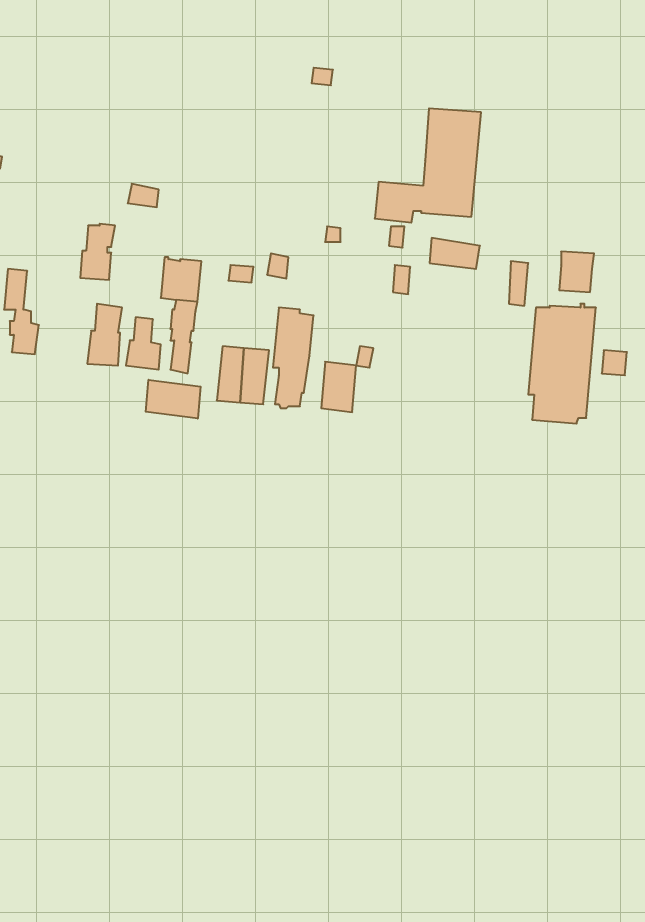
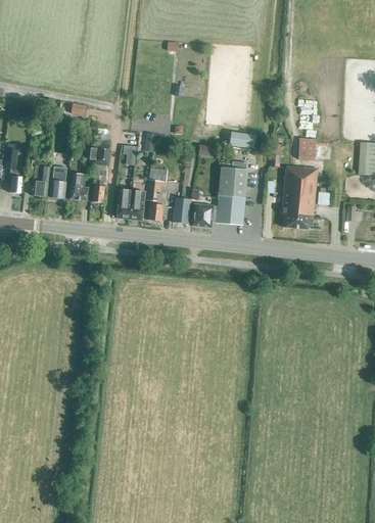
building: [375,108,481,223] -> [191,167,247,227]
building: [80,224,115,280] -> [31,165,49,195]
building: [146,380,201,419] -> none

